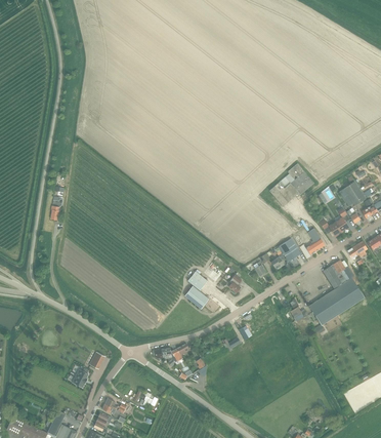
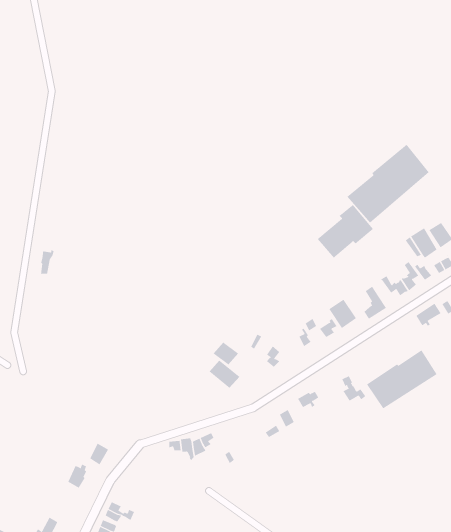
building: none -> [347,144,430,224]
building: [322,260,353,288] -> none

